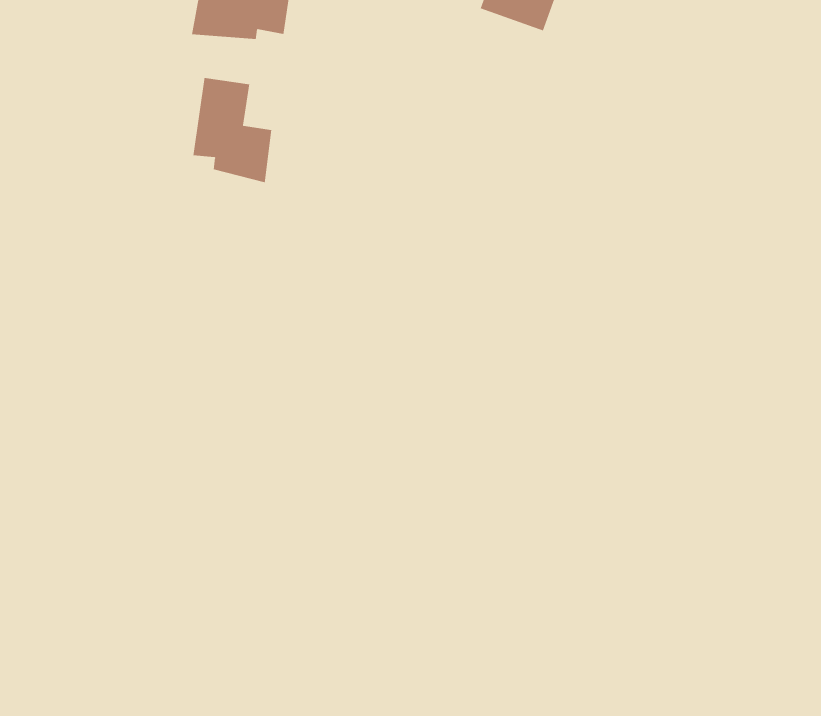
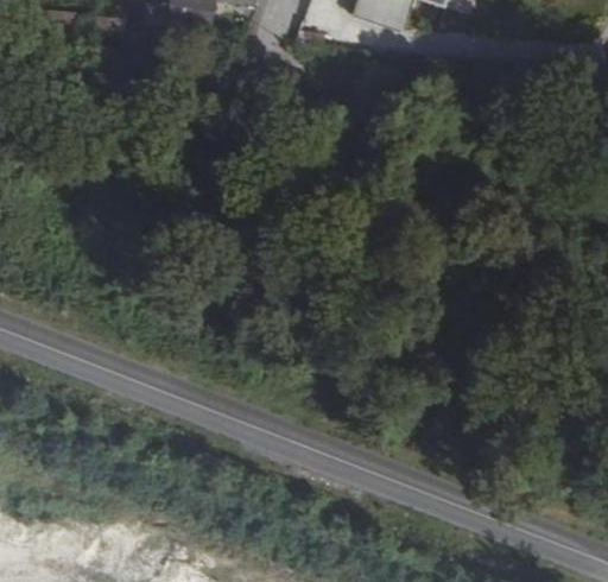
building: [193,77,272,183] -> none

